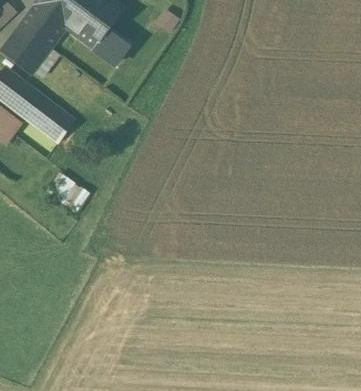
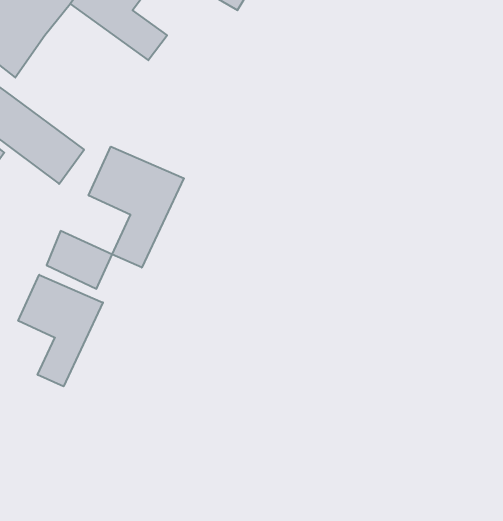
building: none -> [89,147,184,268]
building: none -> [18,275,103,386]

